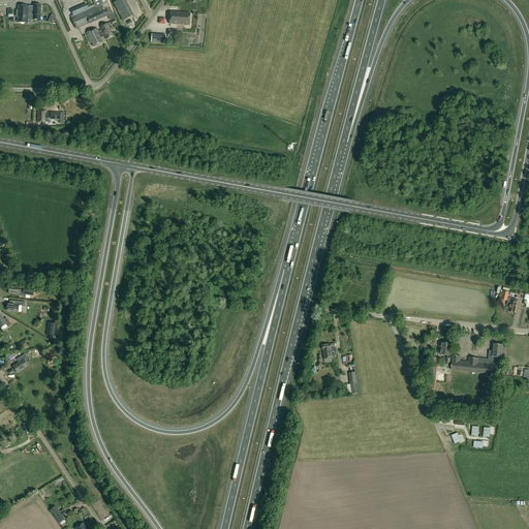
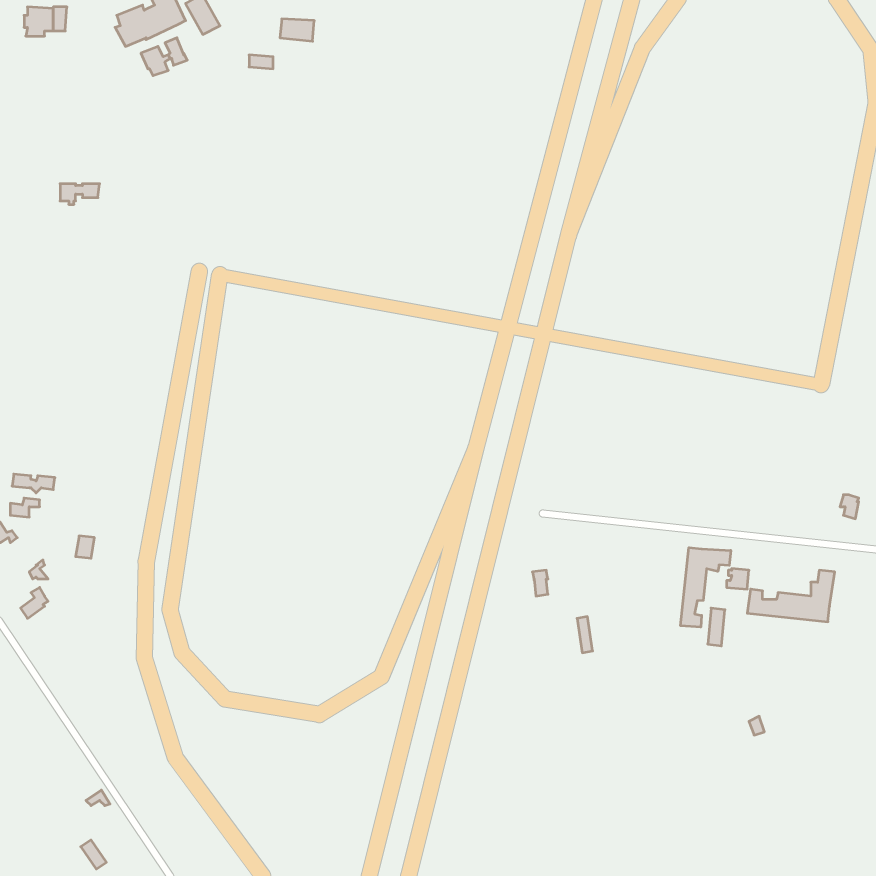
building: none -> [681,548,731,627]

